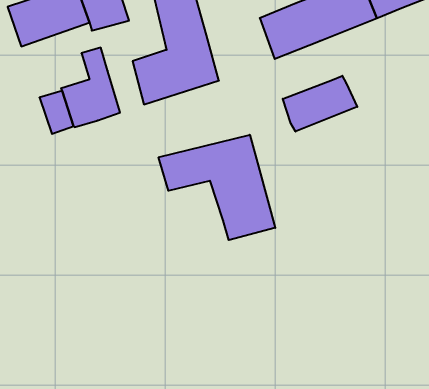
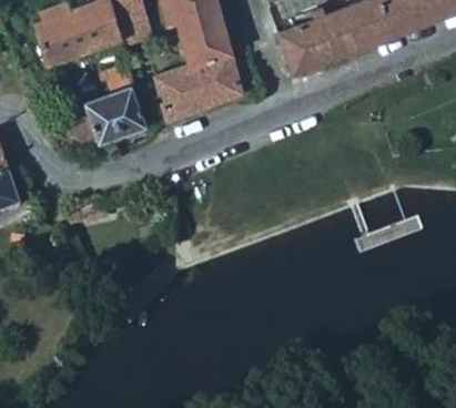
building: [283,76,357,132] -> none
building: [159,135,275,240] -> none

